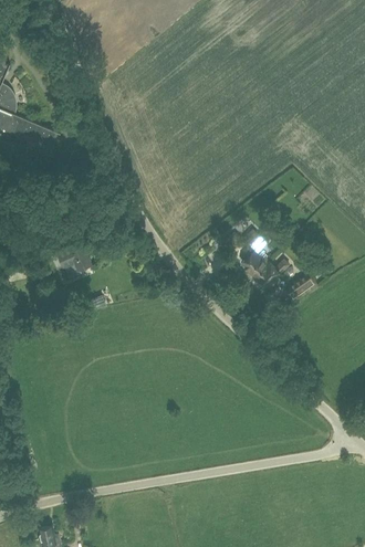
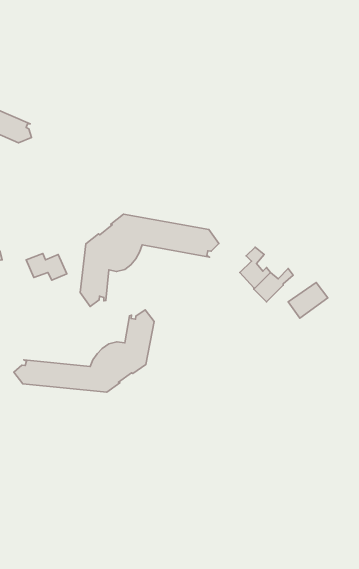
building: none -> [80,214,219,306]
building: none -> [14,310,154,392]

